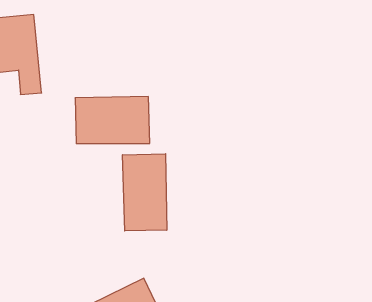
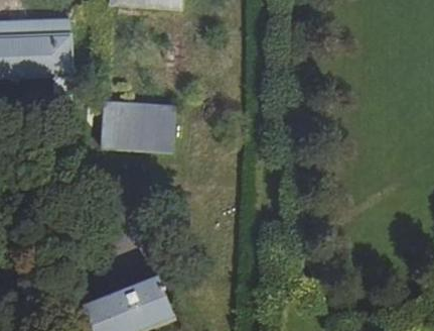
building: [123,154,167,231] -> none

